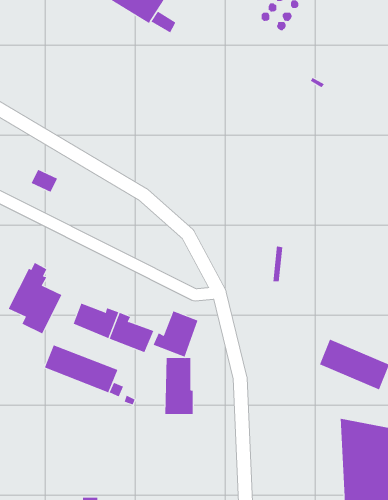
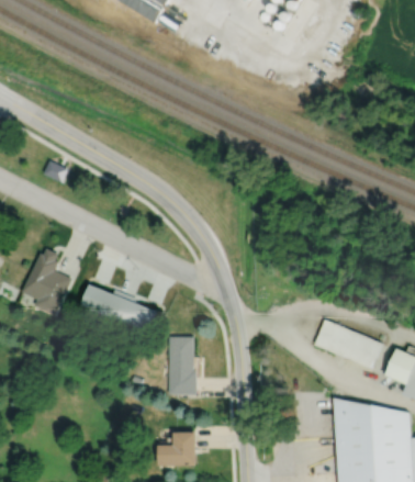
building: [153,310,198,358] -> none
building: [44,344,118,393] -> none
building: none -> [158,429,195,463]

